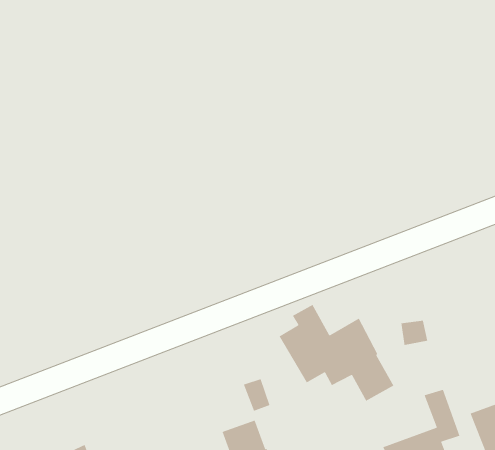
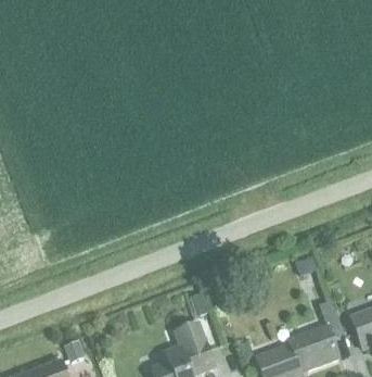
building: [279,304,394,402] -> none

